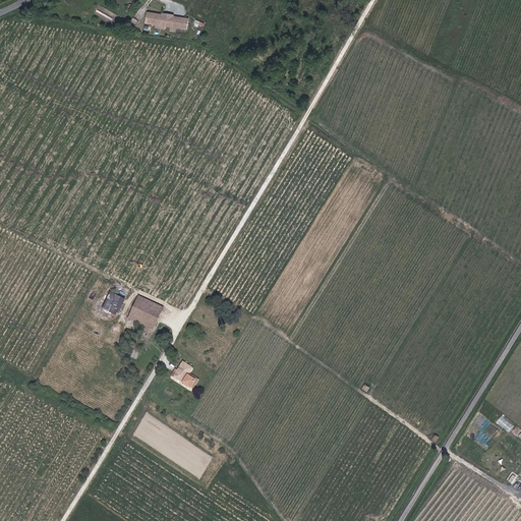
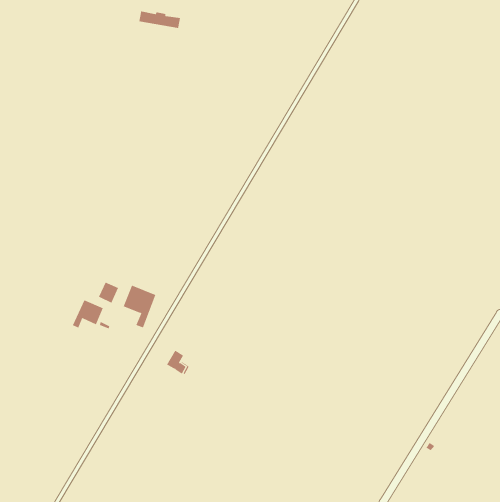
building: none -> [72,299,104,328]

